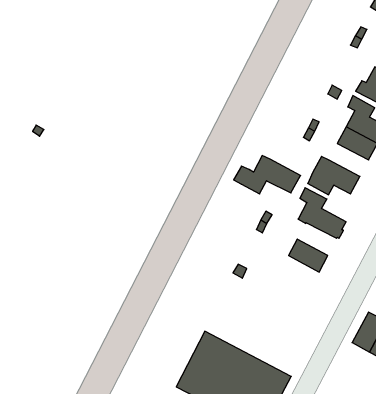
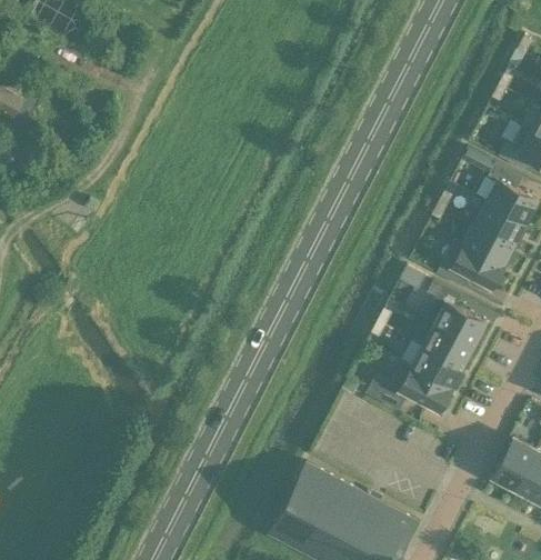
building: none -> [464,224,515,267]
building: [234,156,301,194] -> [367,363,452,412]
building: none -> [424,326,474,368]

